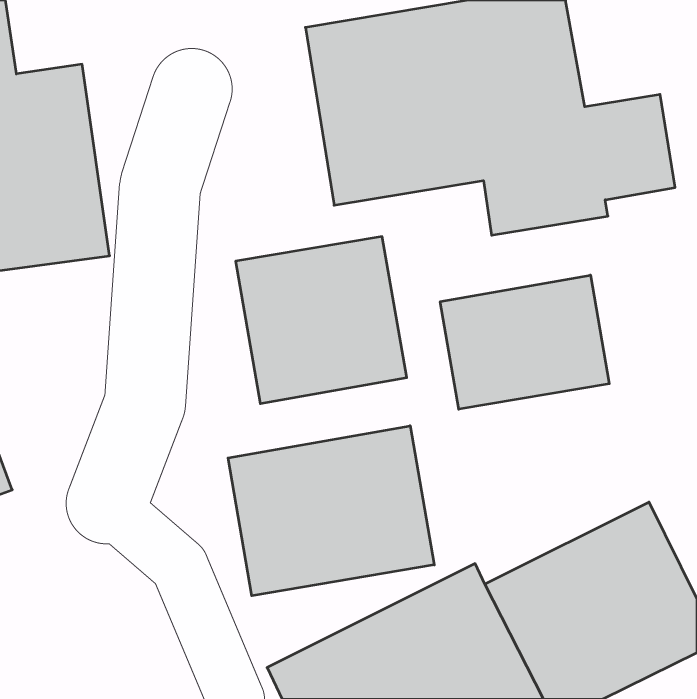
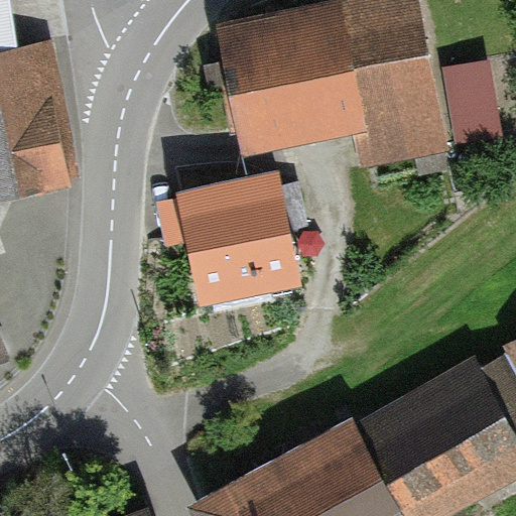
building: [440,275,609,409] -> none
building: [228,426,434,596] -> none

